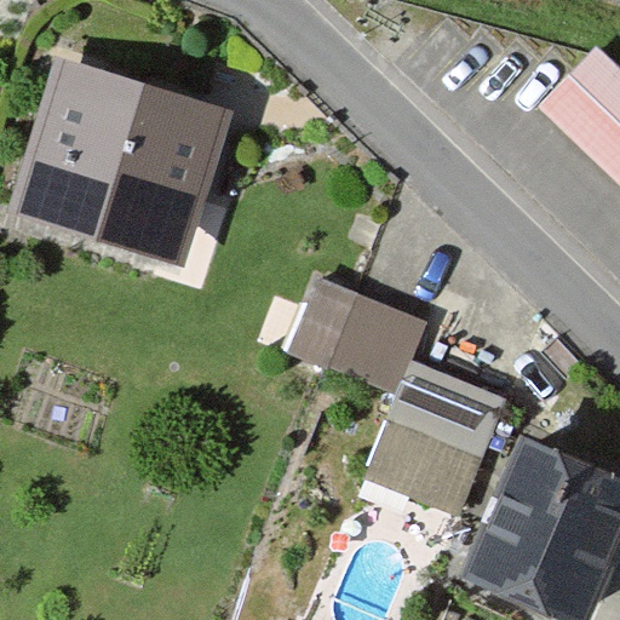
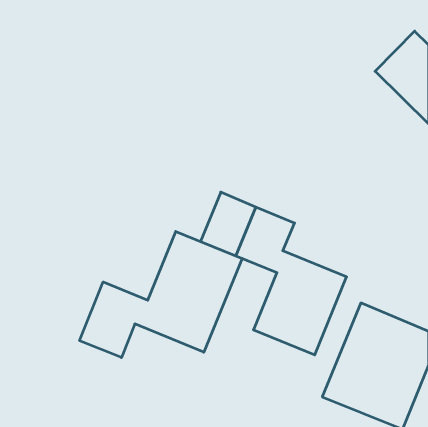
building: [16,61,230,263] -> none
building: none -> [80,231,242,358]

